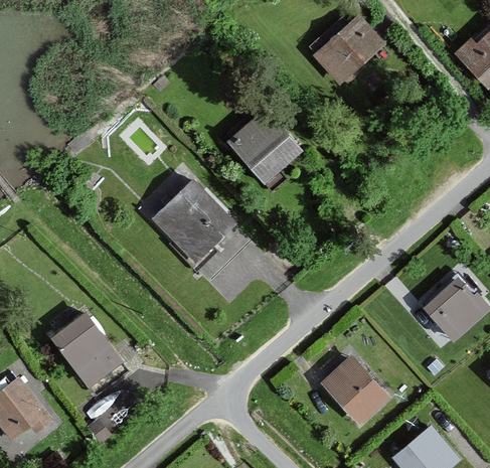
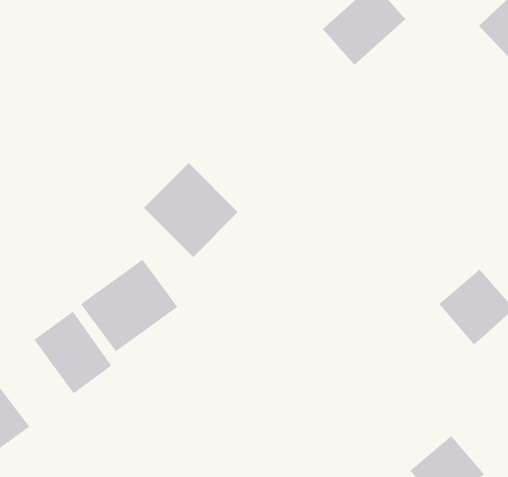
building: [226,107,304,185] -> none
building: none -> [80,259,178,352]
building: [321,353,391,425] -> none

